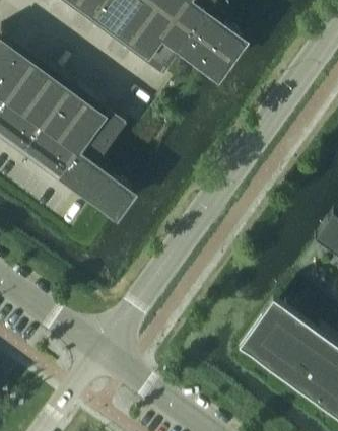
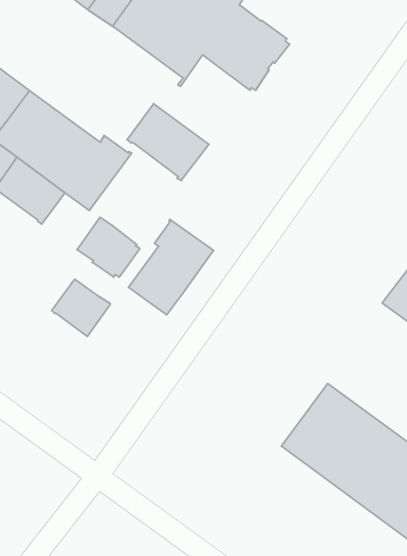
building: none -> [127,104,209,181]
building: [60,154,104,197] -> [52,279,110,336]
building: none -> [129,219,214,315]

